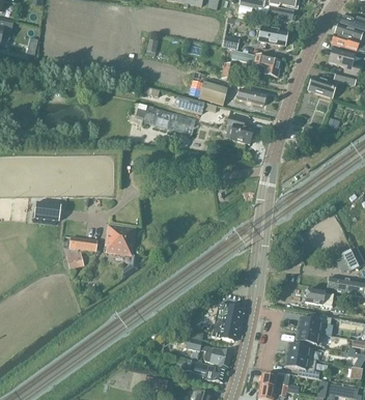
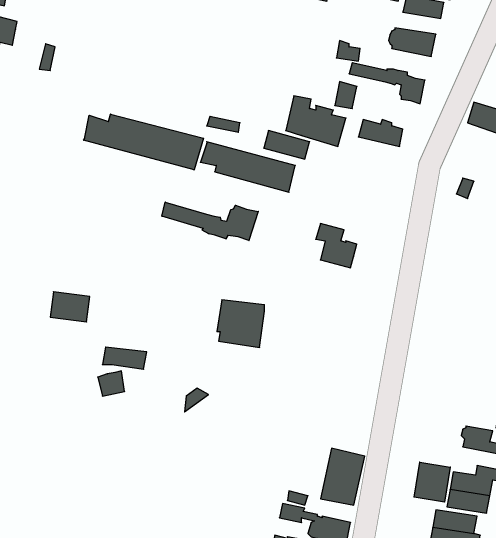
building: none -> [84,114,204,170]
building: [226,114,253,143] -> [316,224,357,268]
building: none -> [162,202,258,241]
building: [104,224,135,255] -> [217,300,264,347]
building: none -> [414,462,450,502]

